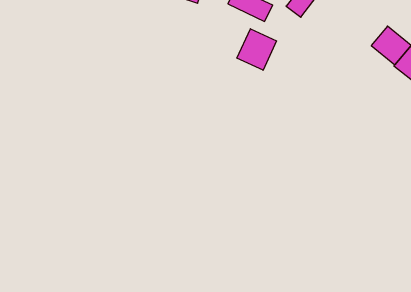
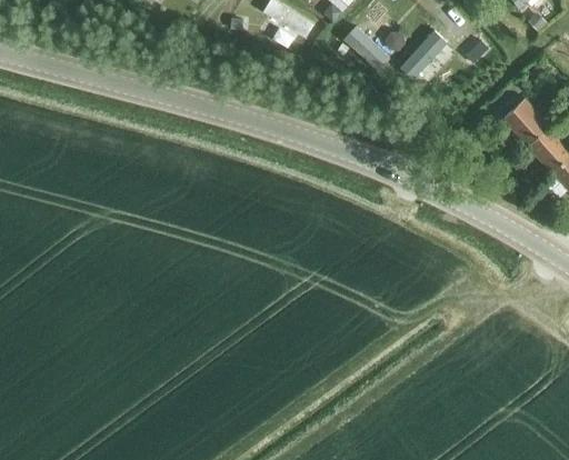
building: [237,29,277,70] -> none

